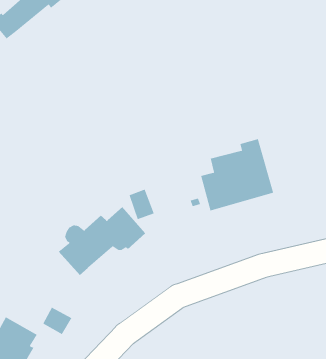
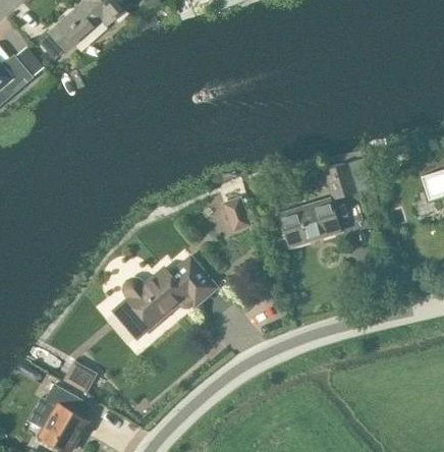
building: [129,189,155,220] -> [221,196,252,233]
building: [42,306,73,335] -> [61,361,97,395]

